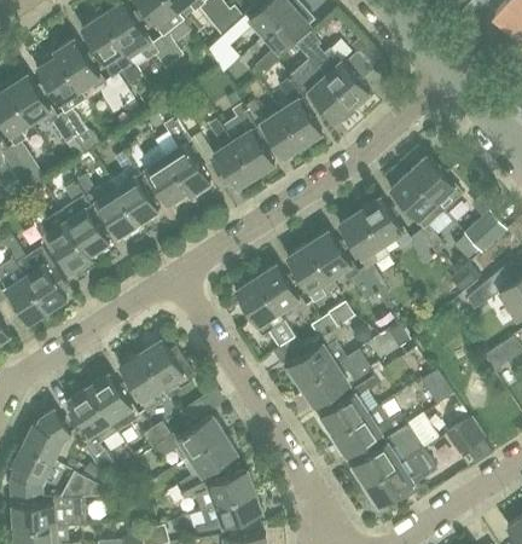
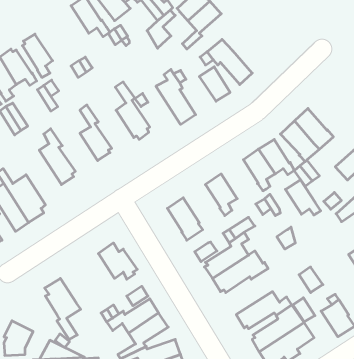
building: [81,16,134,77] -> none
building: [295,33,370,109] -> none
building: [54,40,106,100] -> none
building: [261,112,302,158] -> none
building: [210,122,254,189] -> none
building: [126,145,190,207] -> none
building: [76,178,140,238] -> none
building: [28,209,91,273] -> none
building: [309,232,358,280] -> [285,180,321,215]
building: [257,265,306,314] -> none
building: [120,354,163,411] -> none
building: [89,375,139,430] -> none
building: [319,375,379,438] -> none
building: [23,410,71,461] -> none

